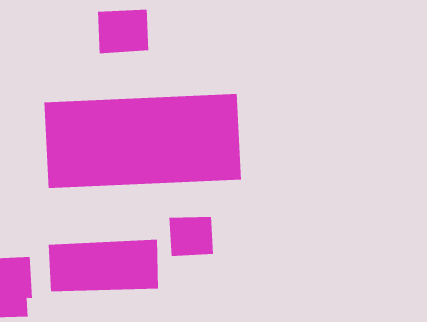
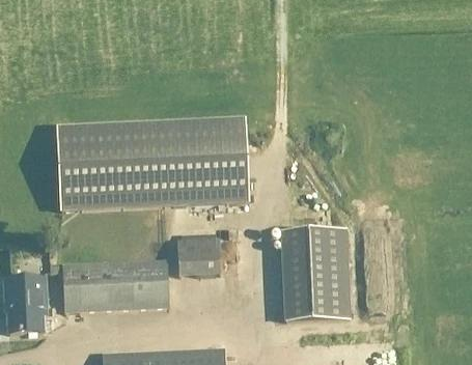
building: [98,9,149,54] -> none
building: none -> [282,228,352,321]

